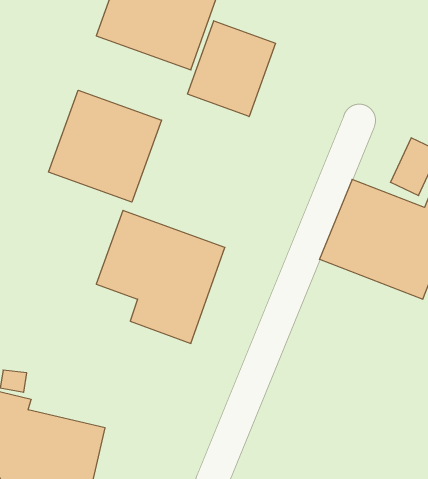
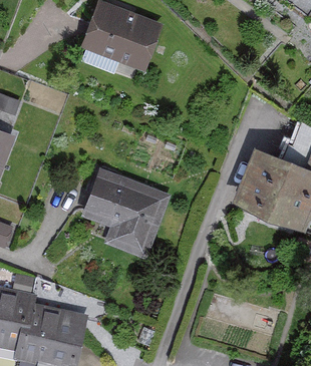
building: [187,21,275,117] -> none
building: [48,90,162,202] -> none

